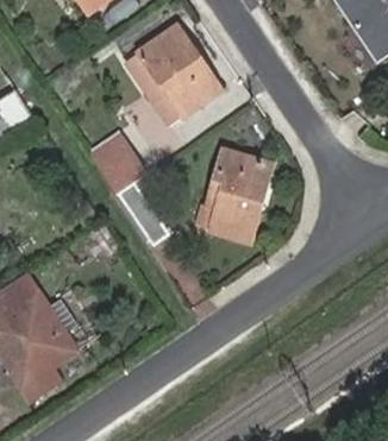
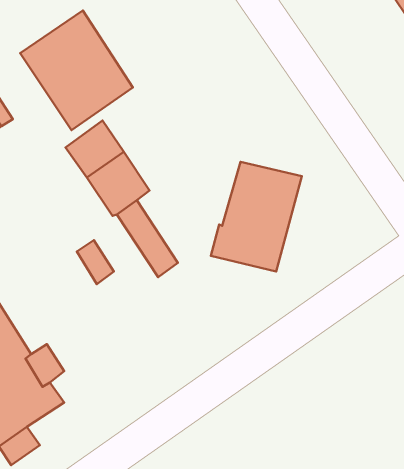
building: [125,25,219,125] -> [20,11,133,130]

